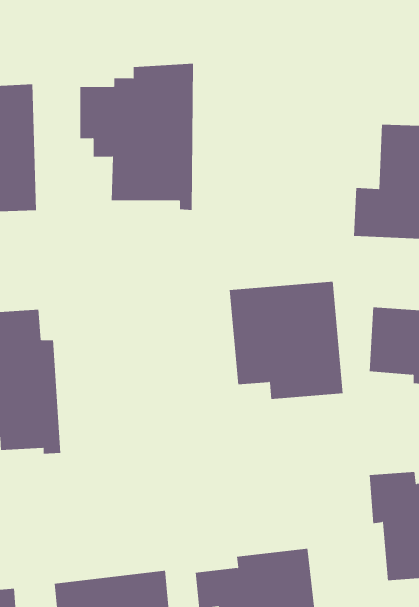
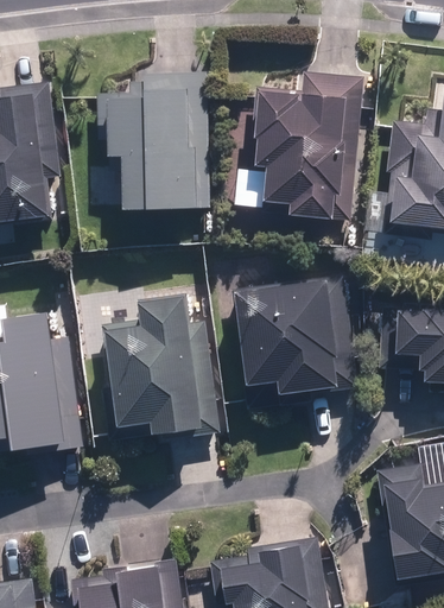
building: none -> [258,71,360,224]
building: none -> [108,293,216,439]

